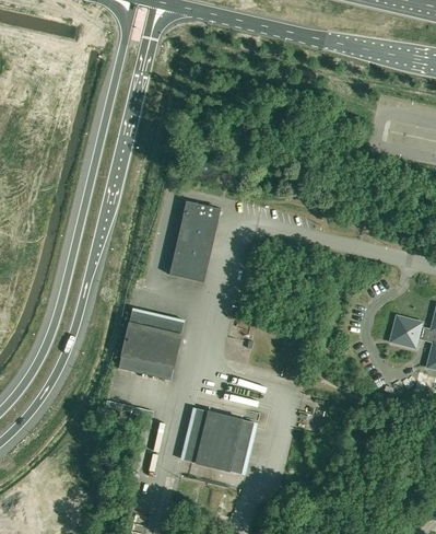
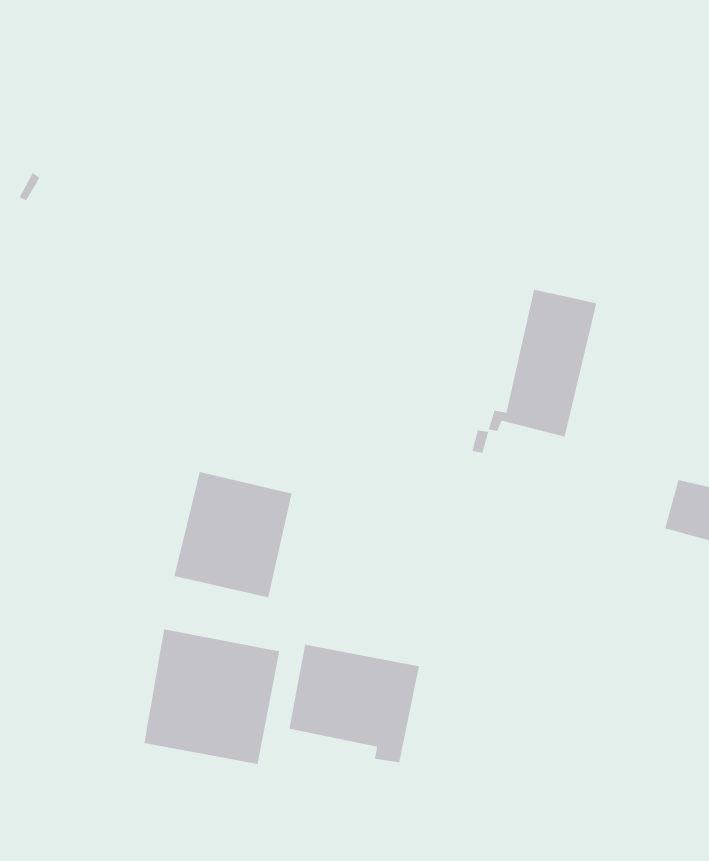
building: [161,200,221,282] -> [488,289,597,438]
building: none -> [144,629,280,765]

